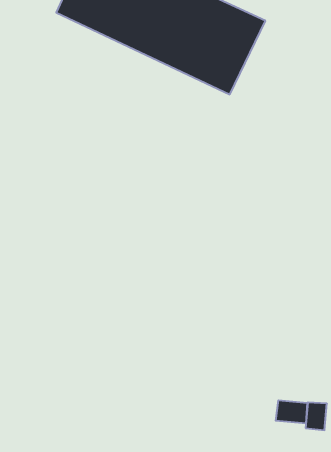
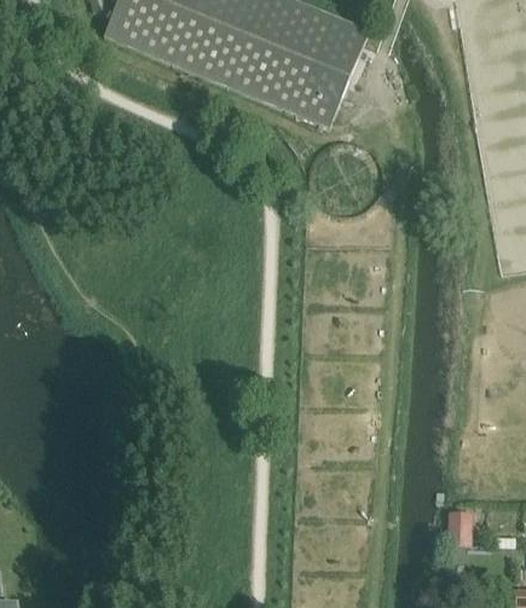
building: [276,400,307,423] -> none

